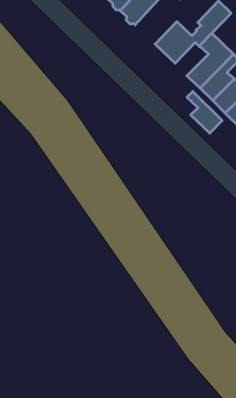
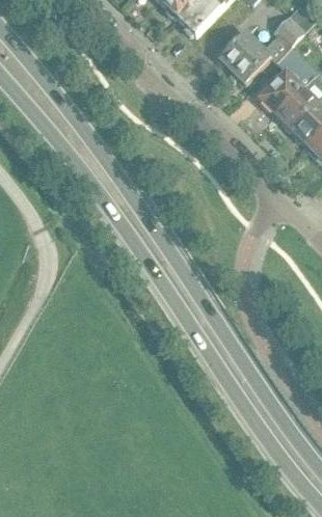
building: [187,91,222,133] -> none

